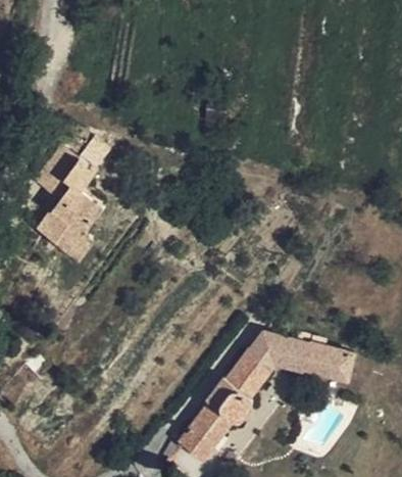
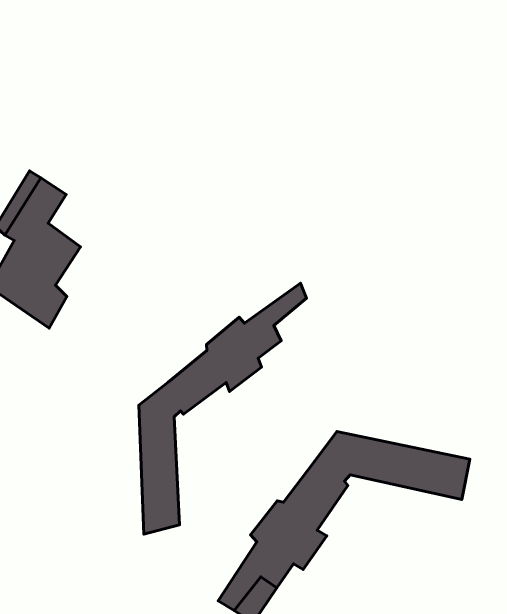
building: none -> [139,283,306,534]

